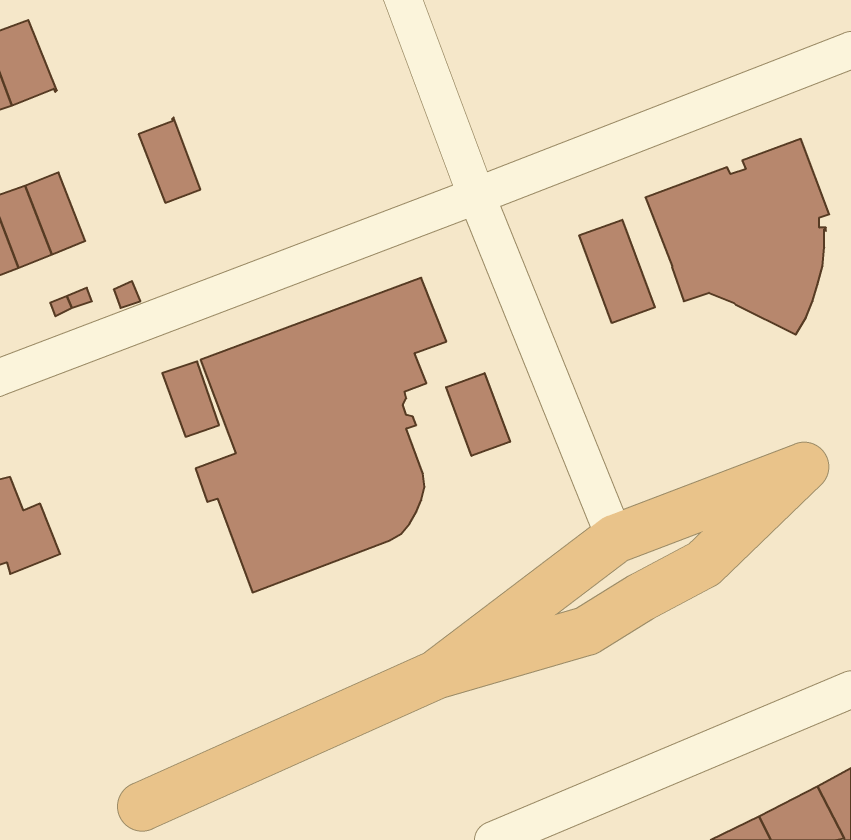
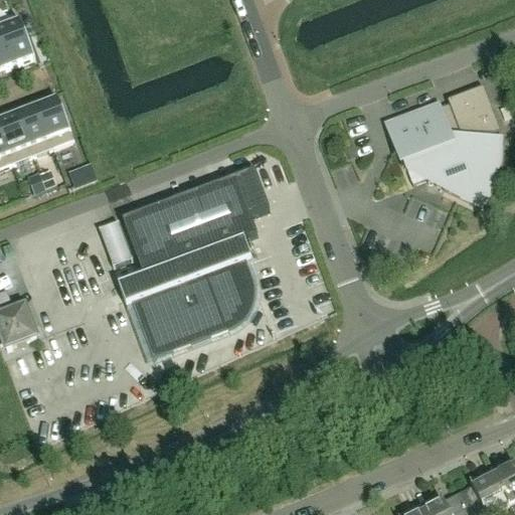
building: [139,117,200,203] -> [35,94,72,145]
building: [579,220,655,323] -> none
building: [446,373,510,456] -> none

